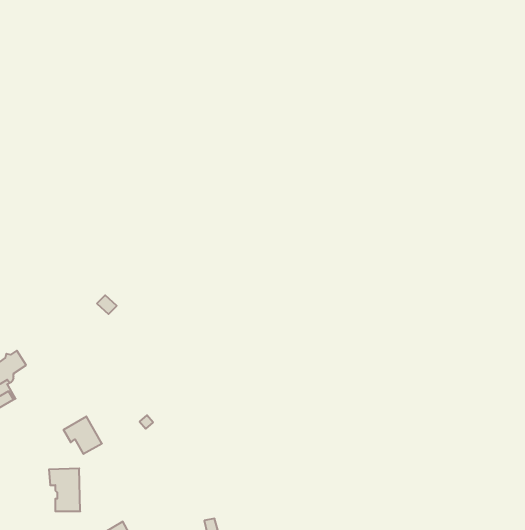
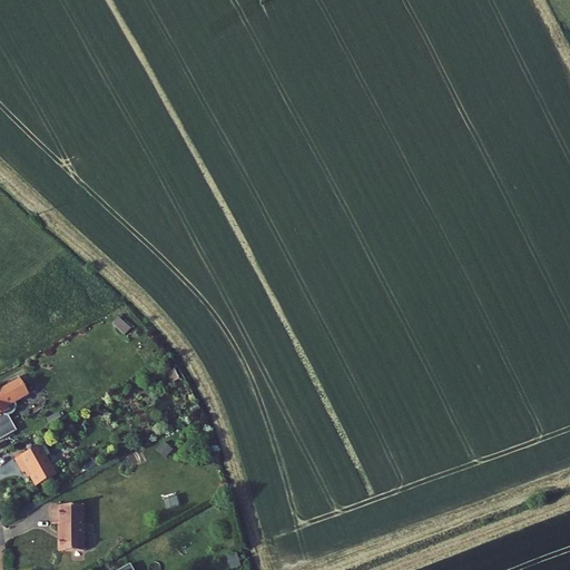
building: [63,416,102,454] -> [16,443,57,483]

